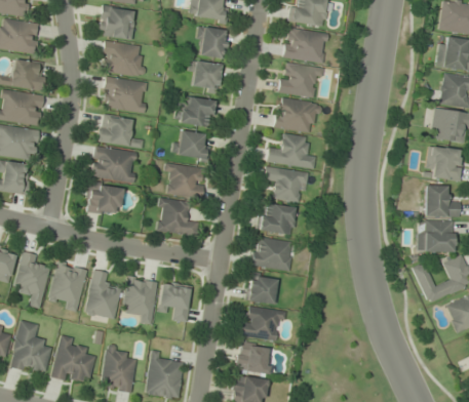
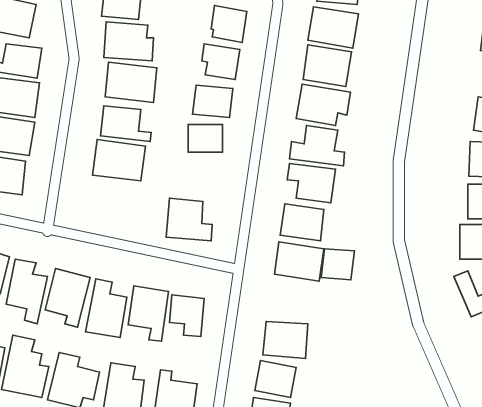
building: [164,163,205,198] -> none
building: [85,182,121,214] -> none
building: [247,275,277,303] -> [321,249,354,280]

